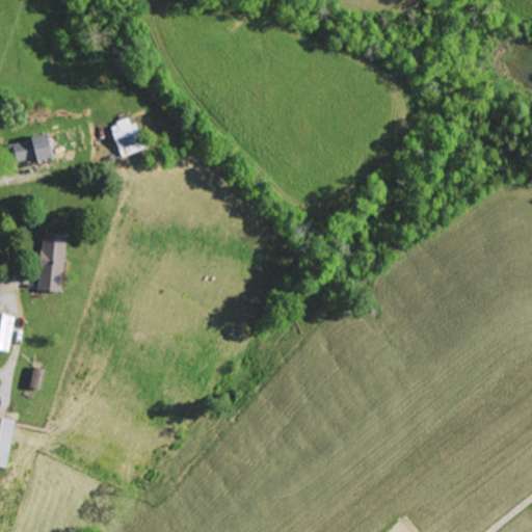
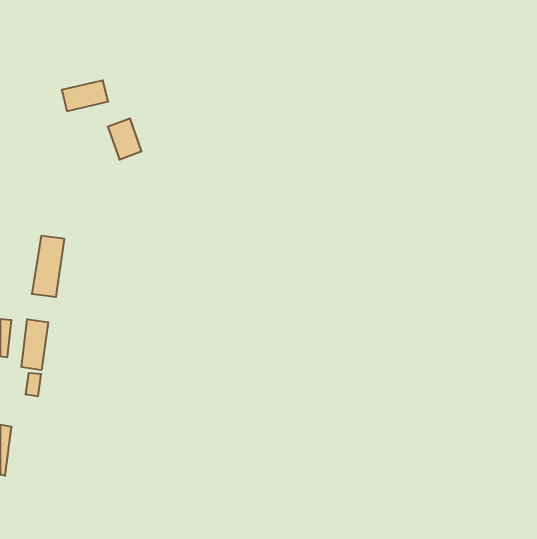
building: [7,133,53,163] -> [62,80,108,111]
building: none -> [21,319,48,370]

